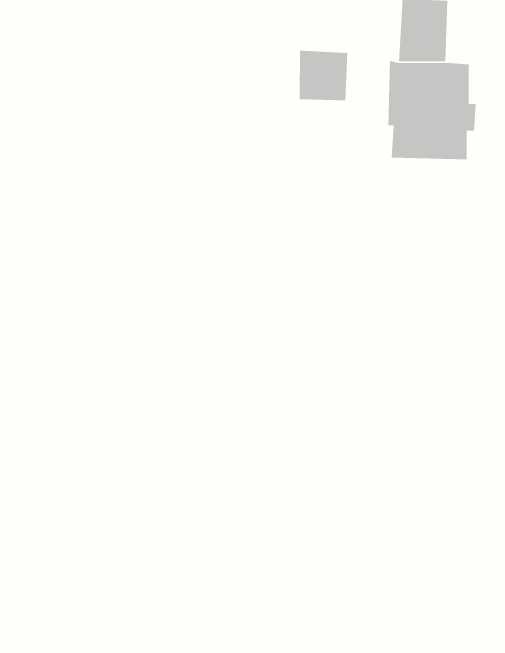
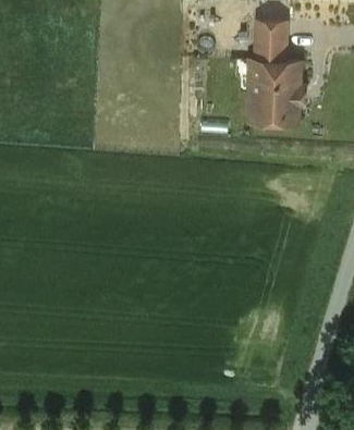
building: [299,50,348,101] -> none

